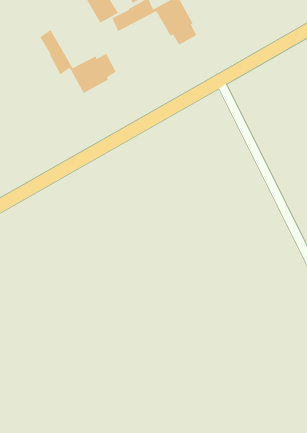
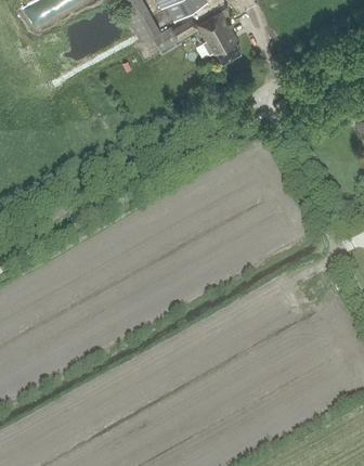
building: [39,29,116,94] -> none

